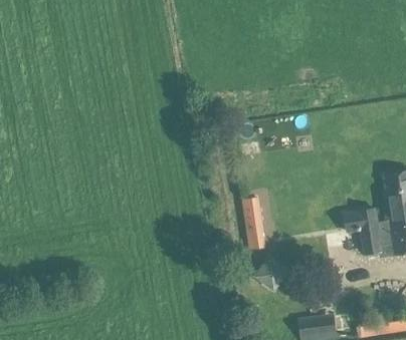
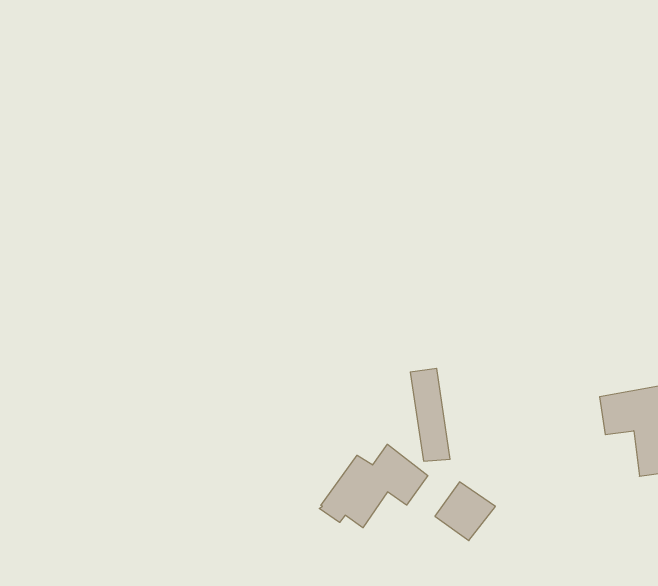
building: none -> [319,444,428,528]

